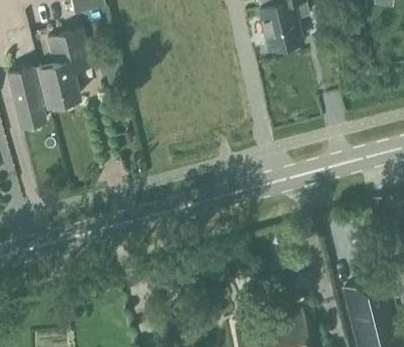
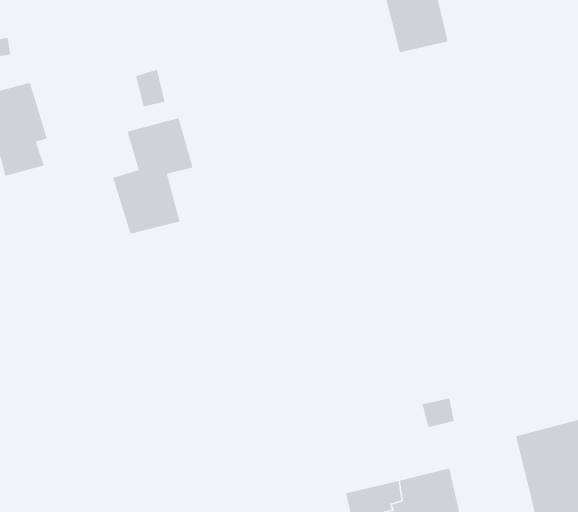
building: [38,31,89,106] -> [112,117,193,235]

